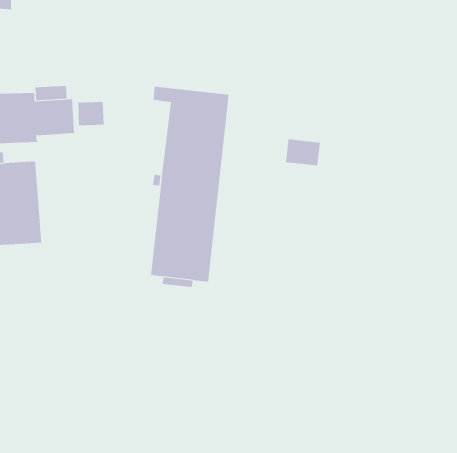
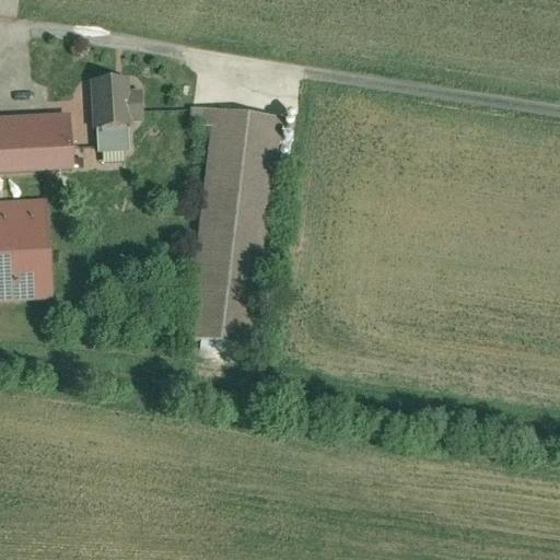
building: none -> [88,75,129,125]
building: [286,139,320,166] -> none

